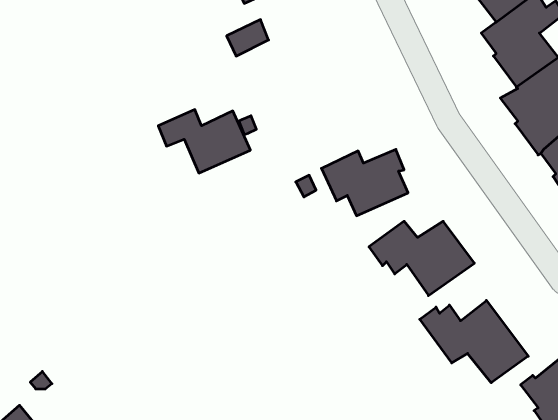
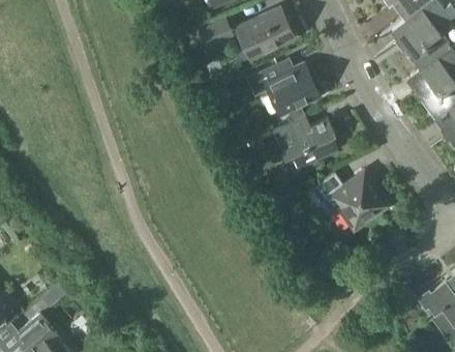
building: none -> [235,7,293,57]
building: [158,110,250,173] -> [247,63,317,112]
building: [420,300,528,383] -> none

